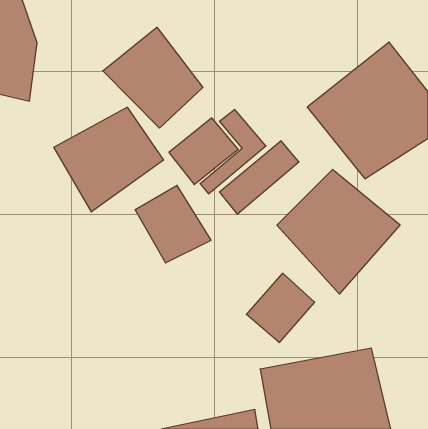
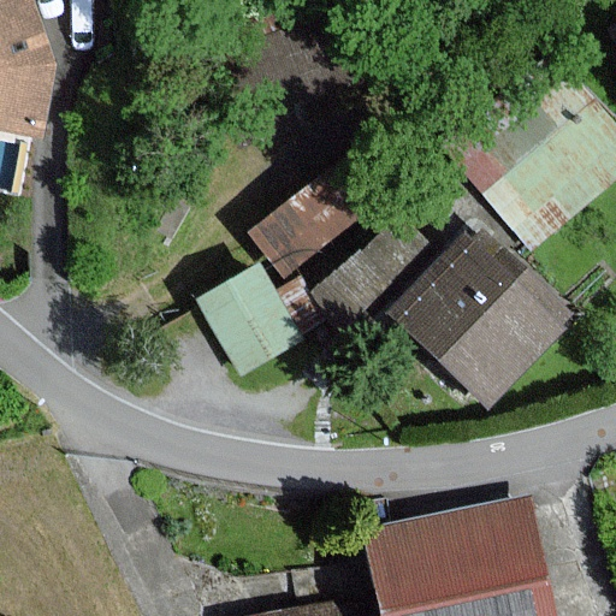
building: [103,27,203,128] -> none
building: [54,107,164,212] -> none
building: [246,273,315,343] -> none

